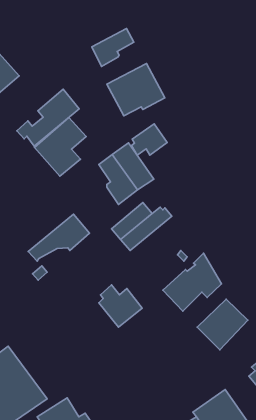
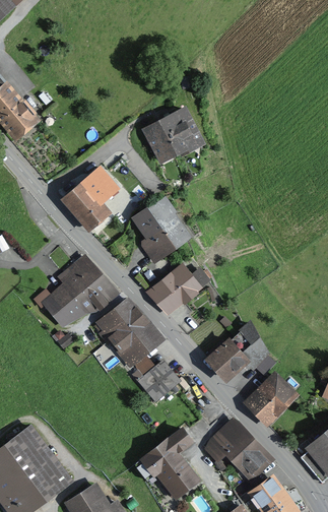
building: [92,28,134,66] -> none
building: [17,89,79,146] -> [34,253,104,317]
building: [131,124,167,155] -> none
building: none -> [94,296,165,368]
building: none -> [204,417,275,483]
building: none -> [133,426,200,500]

